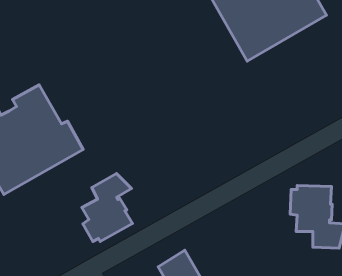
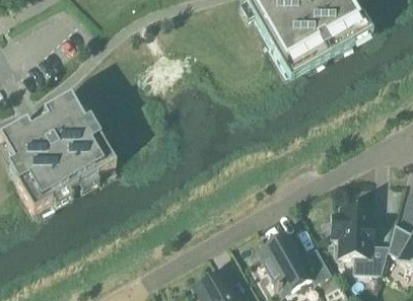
building: [82,173,132,242] -> none
building: none -> [266,236,333,293]

